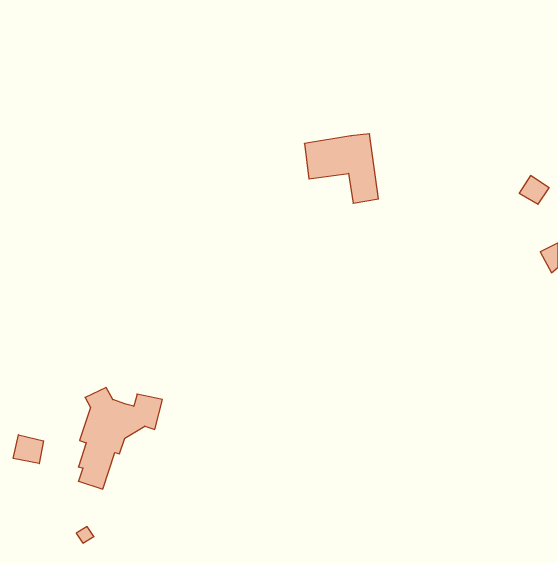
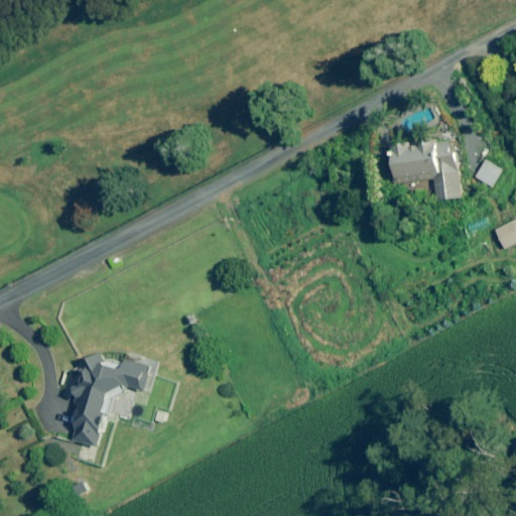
building: [304,134,378,203] -> [392,137,460,201]
building: [13,435,44,464] -> none

